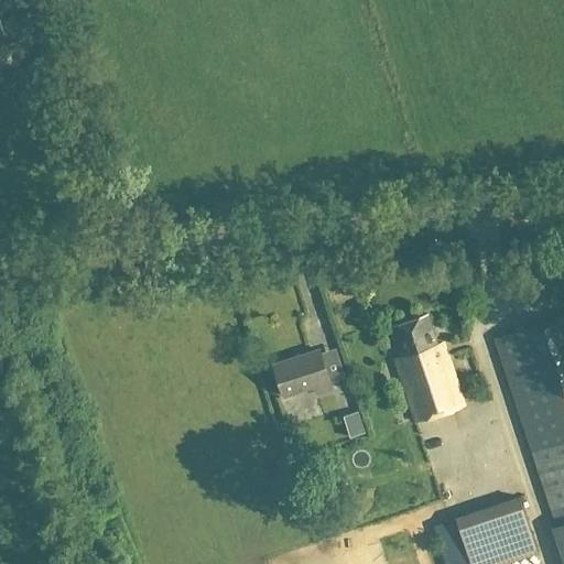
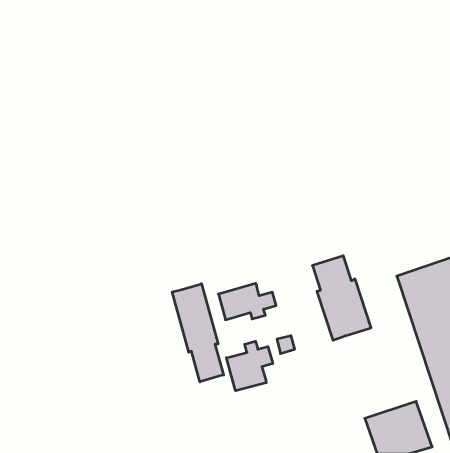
building: none -> [172,284,224,382]
building: none -> [226,341,273,391]

